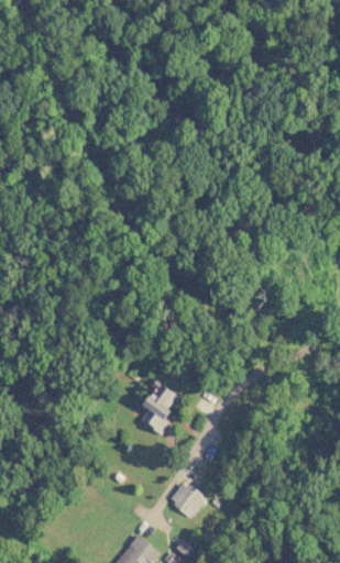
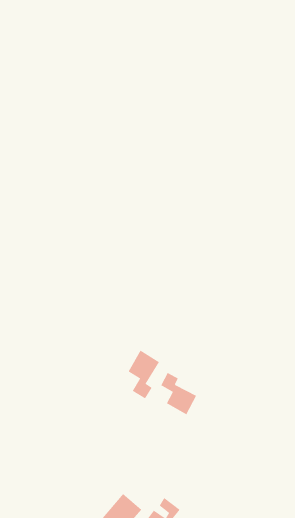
building: none -> [160,372,197,415]
building: [168,482,205,518] -> none

